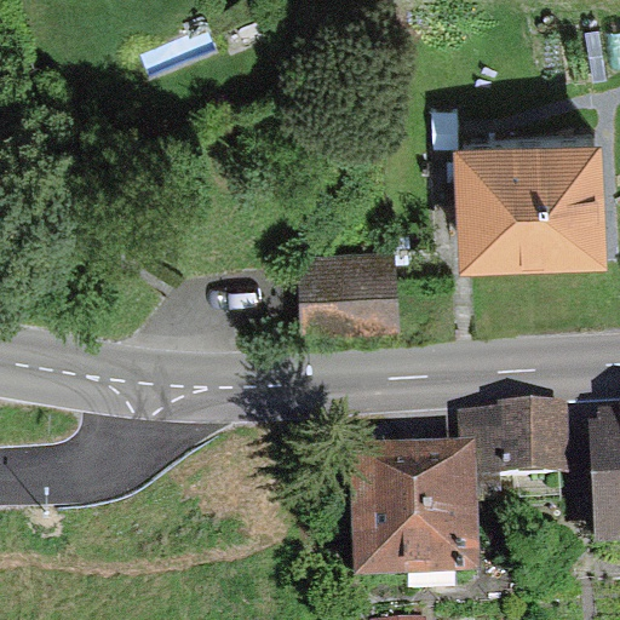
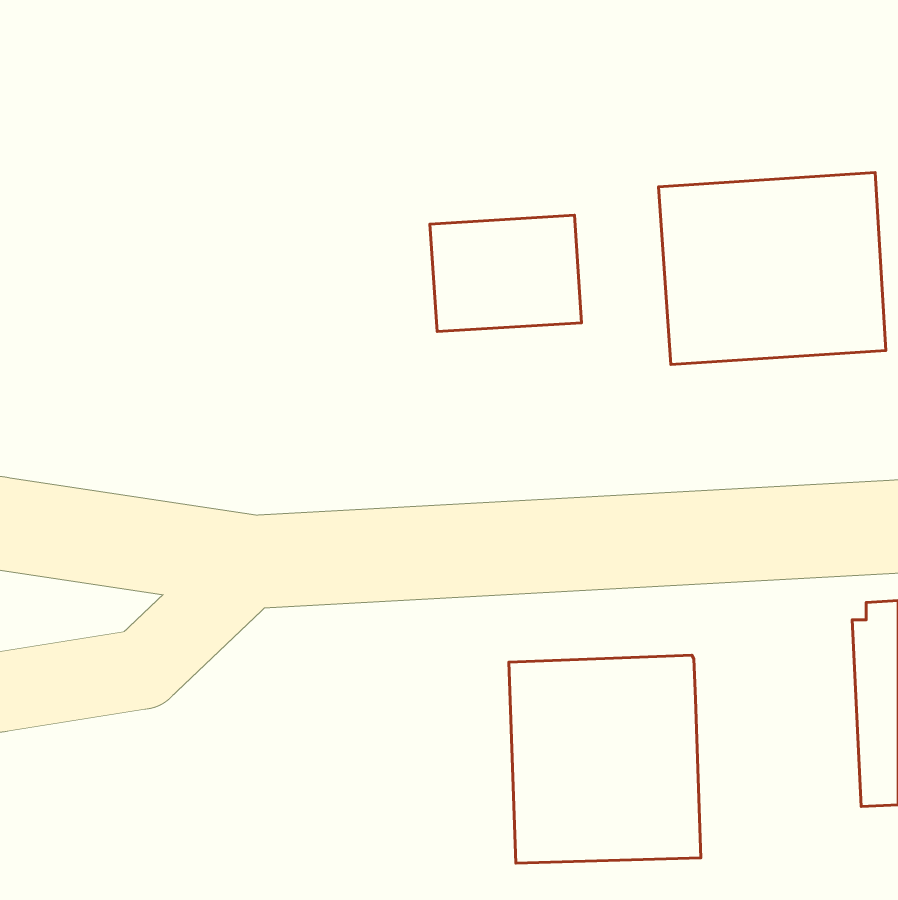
building: [297,247,401,327] -> [430,215,581,332]
building: [476,406,570,481] -> none

